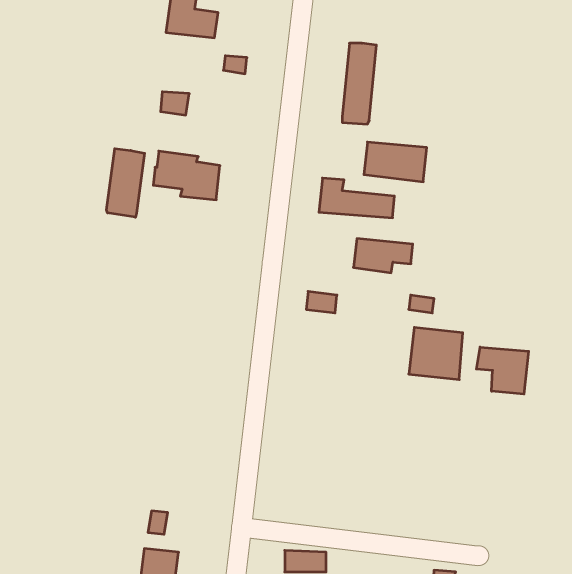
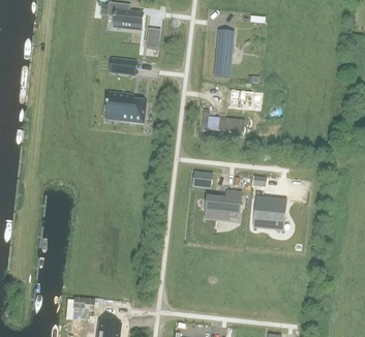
building: [106,149,145,217] -> none
building: [353,239,413,273] -> [206,197,240,217]
building: [476,347,529,394] -> none

